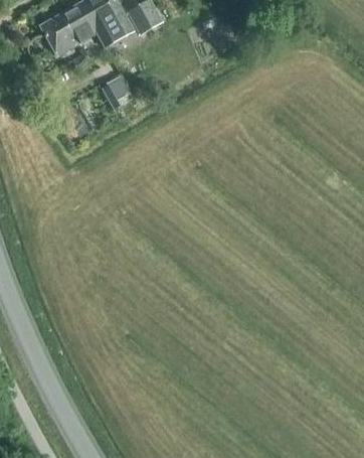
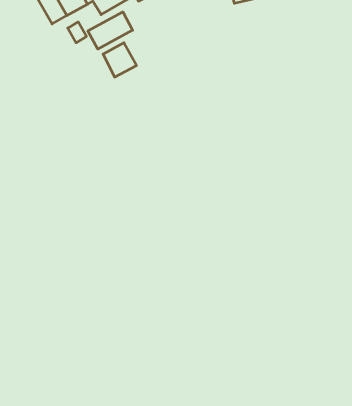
building: none -> [88,12,133,49]

